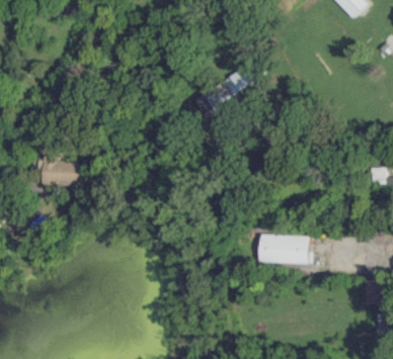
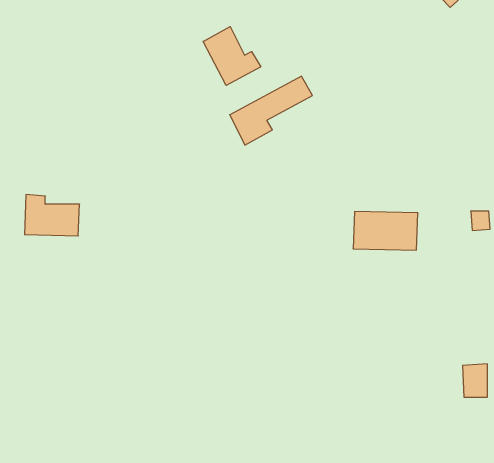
building: none -> [203,27,261,85]
building: [261,236,309,264] -> [353,212,418,250]

